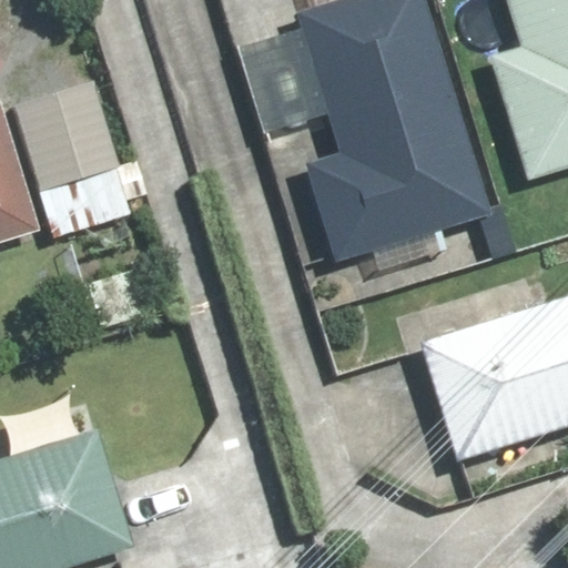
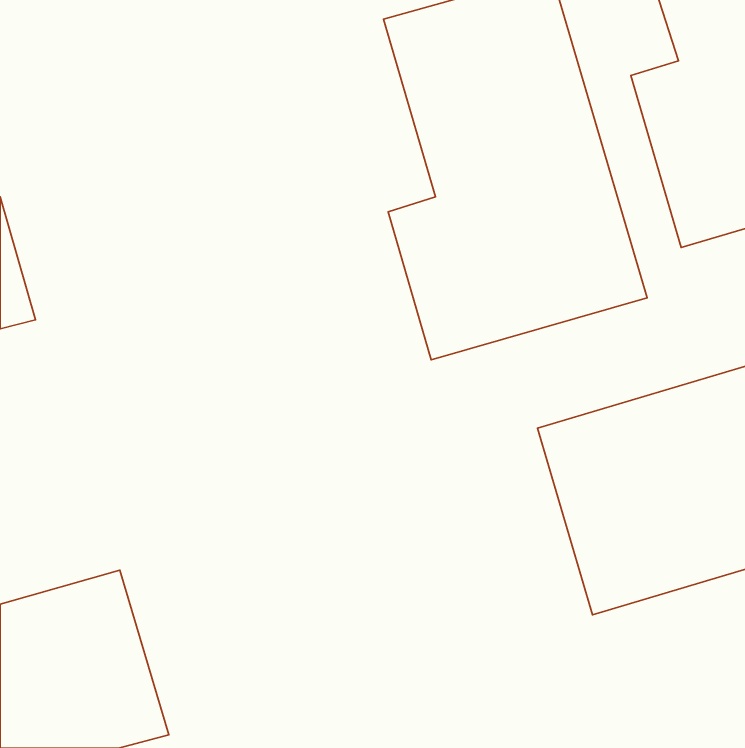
building: [13,79,133,239] -> none

